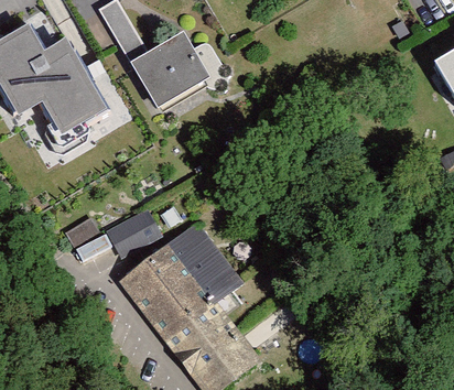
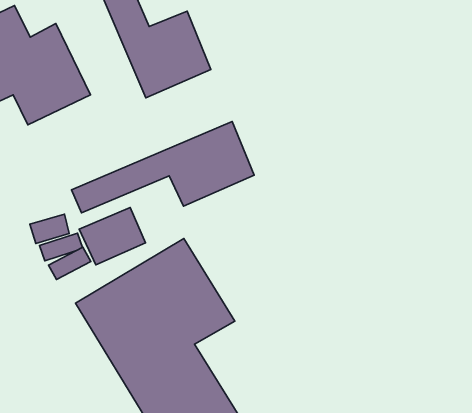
building: none -> [72,122,254,213]

